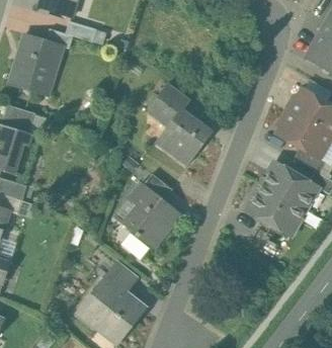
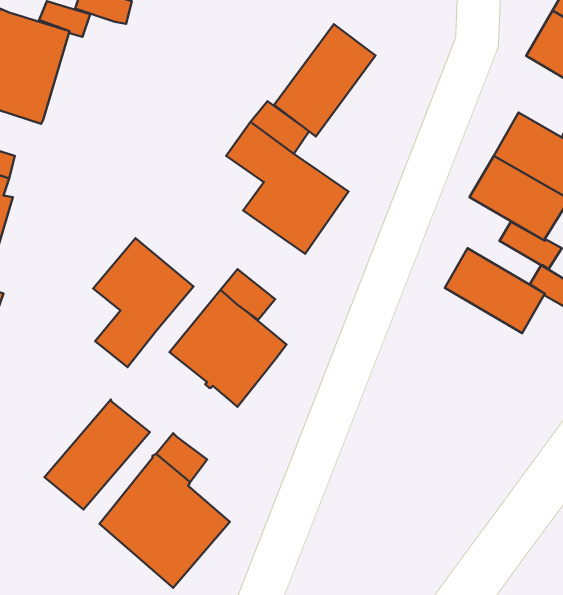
building: none -> [274,24,376,136]
building: none -> [93,238,194,367]
building: [247,182,305,235] -> none
building: none -> [44,400,150,510]

